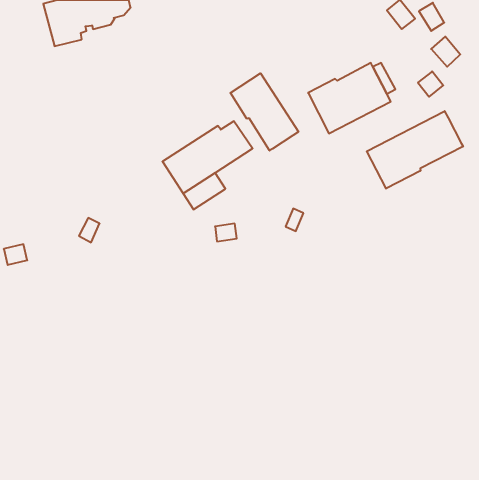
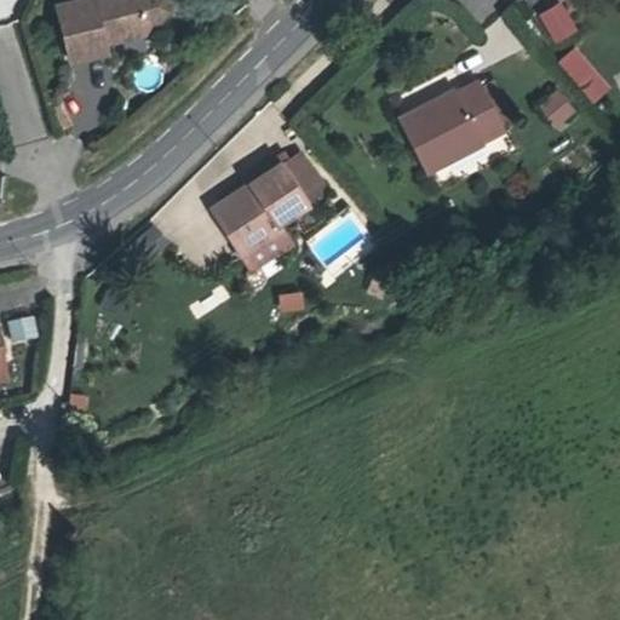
building: [230,73,298,151] -> none
building: [367,111,463,189] -> none

